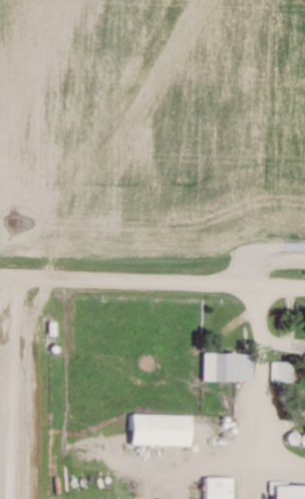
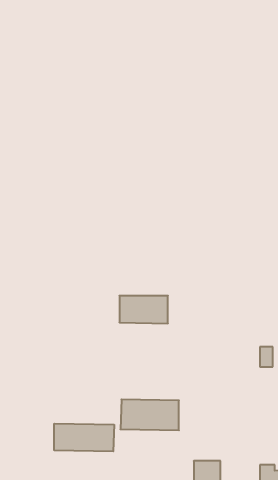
building: [205,353,254,382] -> [119,296,168,323]
building: none -> [54,424,114,451]

